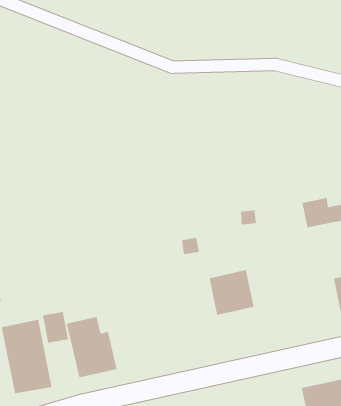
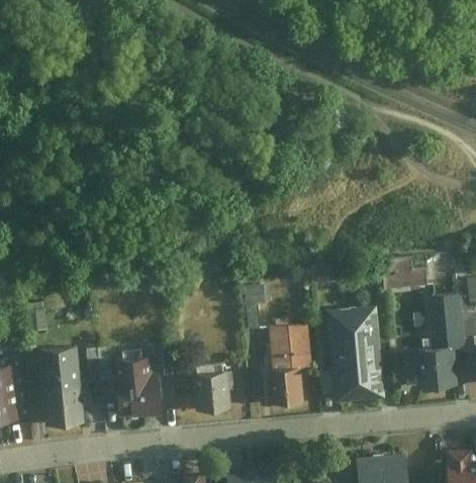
building: none -> [329,309,382,402]
building: none -> [276,366,312,404]
building: none -> [192,368,236,409]

